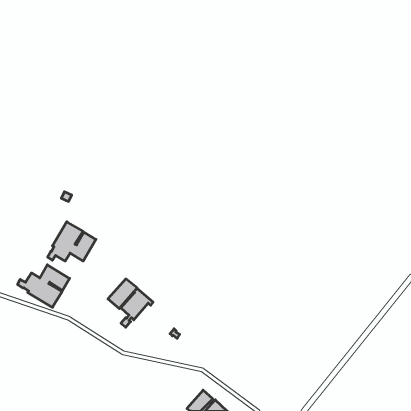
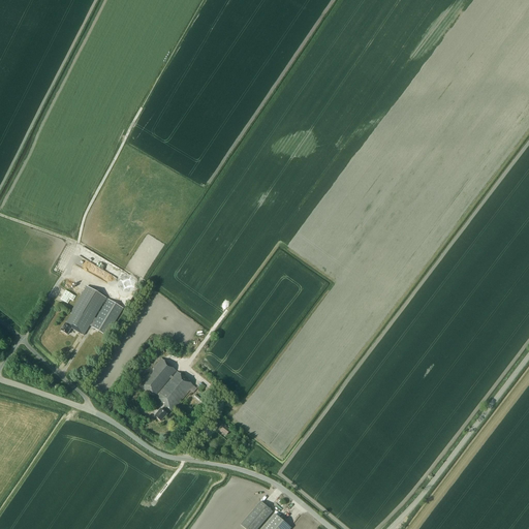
building: [18,265,70,307] -> none

